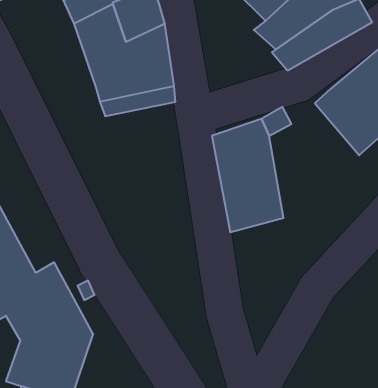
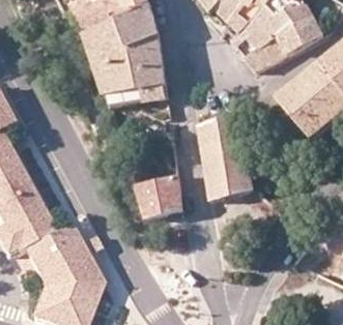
building: none -> [136,175,182,218]

